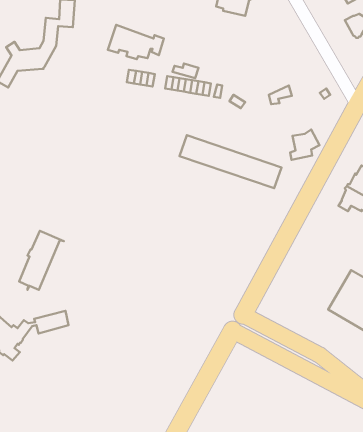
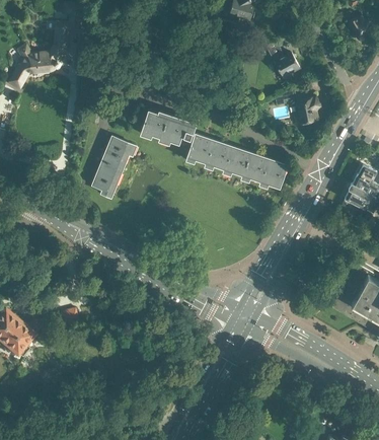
building: [108,25,164,59] -> [140,109,195,143]
building: none -> [271,50,299,83]
building: [290,130,319,160] -> [294,96,322,126]
building: [19,231,64,290] -> [92,136,136,194]

